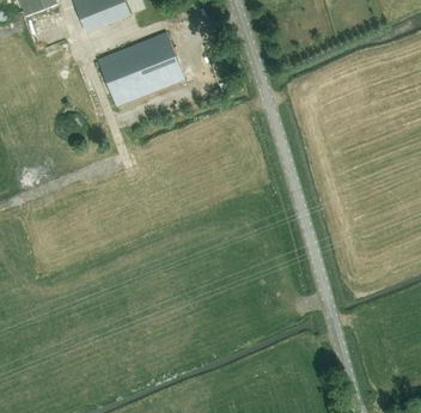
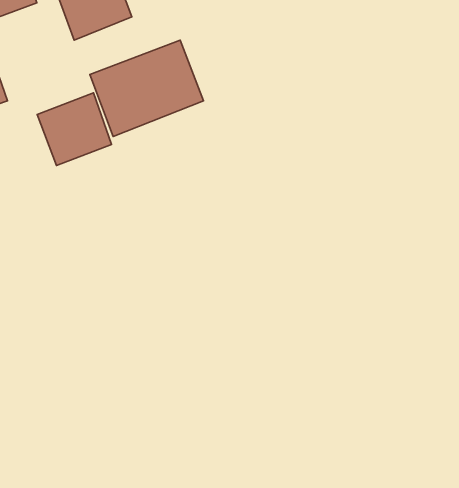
building: none -> [37,93,111,165]

